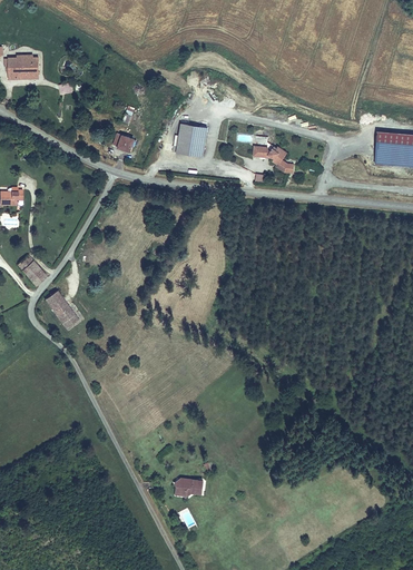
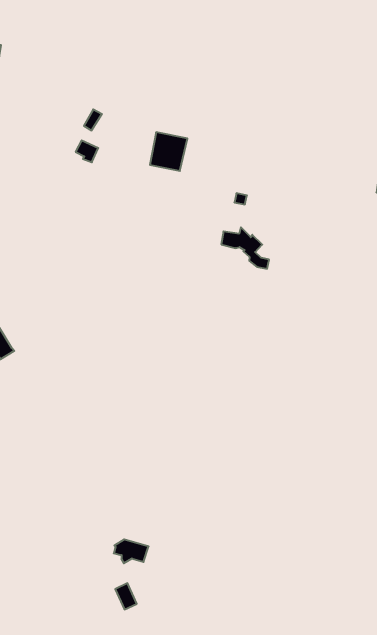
building: [255,141,296,175] -> [221,227,269,269]

